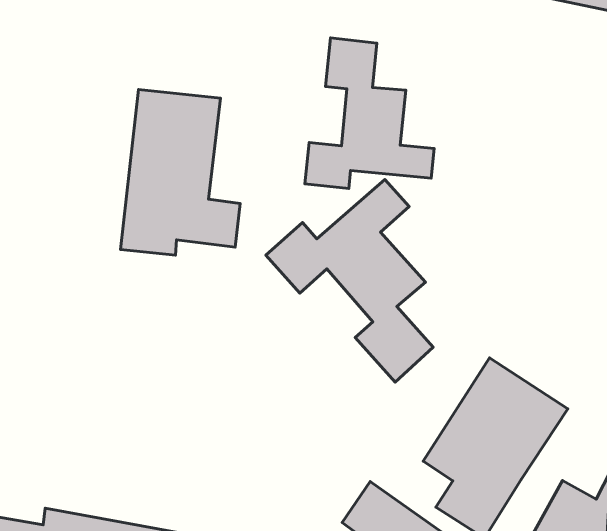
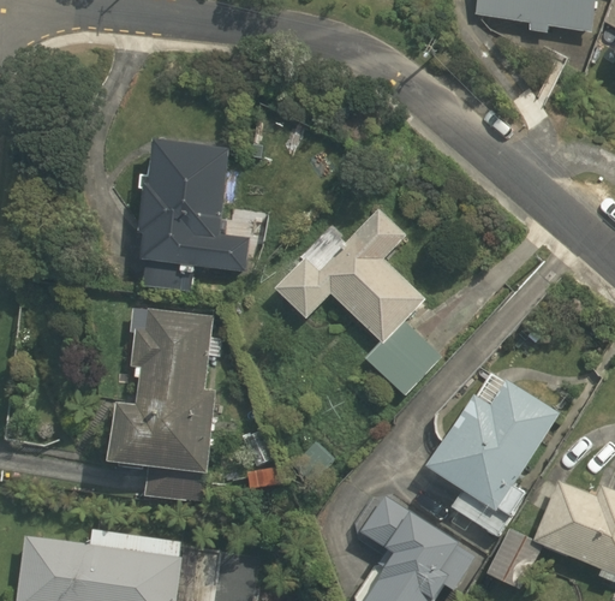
building: [305,38,434,188] -> none
building: none -> [109,307,215,504]

